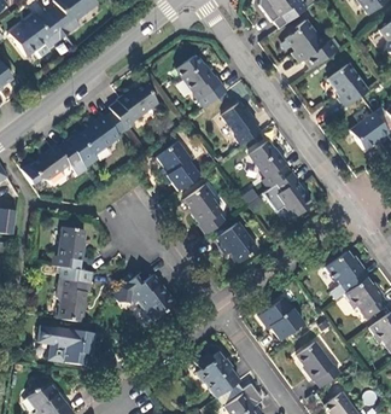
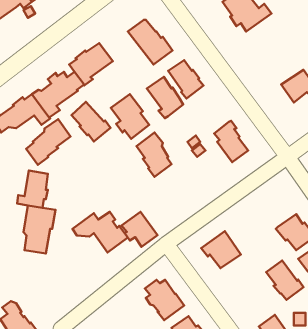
building: [327,63,368,107] -> none
building: [249,140,290,187] -> [147,77,183,118]
building: none -> [72,102,111,142]
building: none -> [26,119,71,165]
building: [216,222,257,262] -> [121,212,158,247]
building: [323,250,367,291] -> none
building: [39,325,95,365] -> none
building: [297,342,339,386] -> [266,261,303,300]

